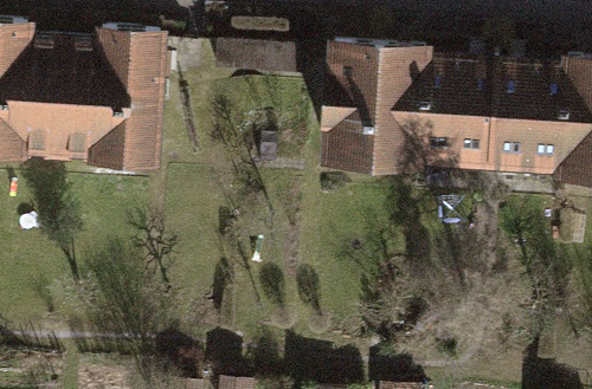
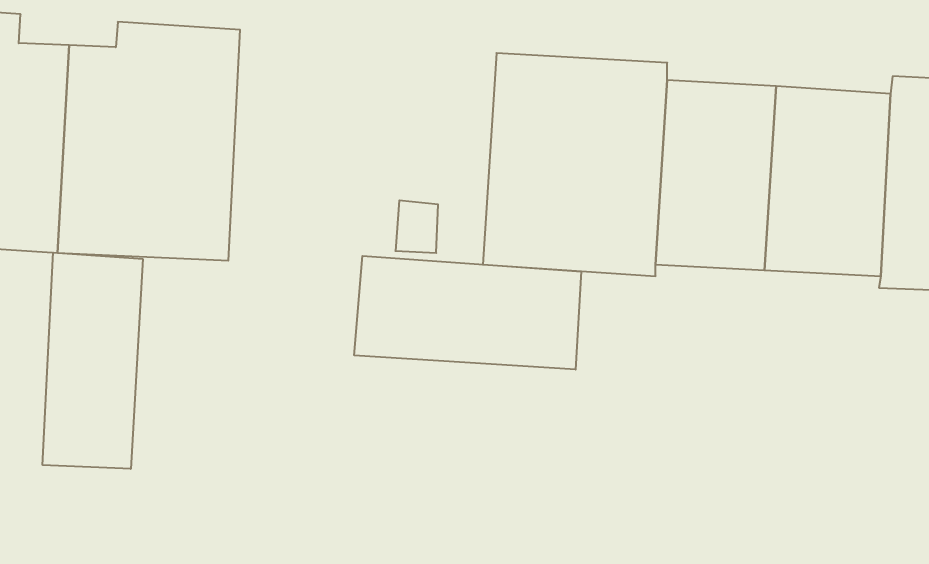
building: none -> [43,253,143,469]
building: none -> [354,256,581,370]

